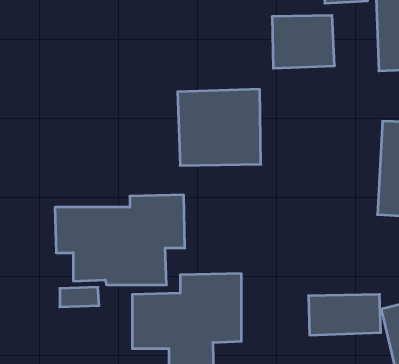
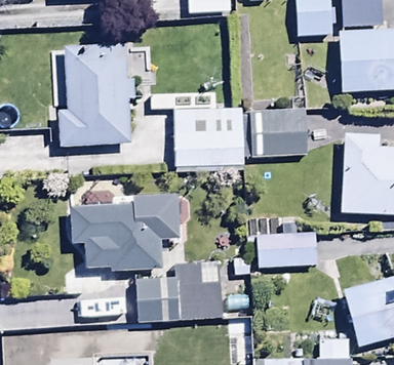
building: none -> [58,43,133,146]
building: [272,15,335,68] -> [254,110,307,154]
building: [308,294,381,335] -> [258,232,318,266]

